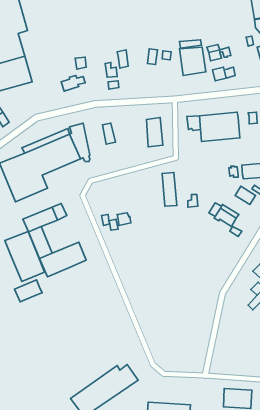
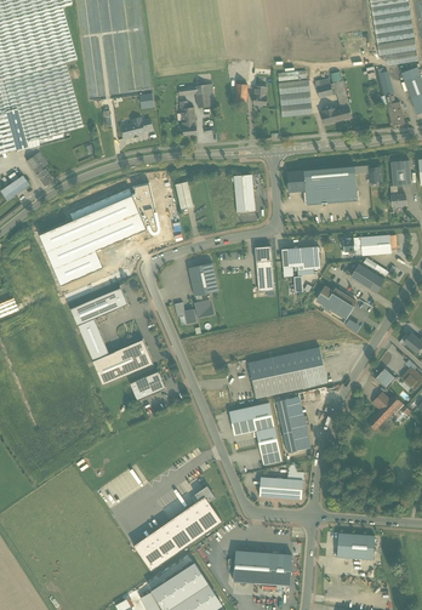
building: none -> [283,246,320,267]
building: none -> [188,262,218,296]
building: [5,231,44,282] -> none
building: none -> [249,347,327,398]
building: [15,280,42,302] -> [130,371,166,400]
building: none -> [276,397,310,452]
building: none -> [229,401,281,464]
building: none -> [260,477,303,498]

